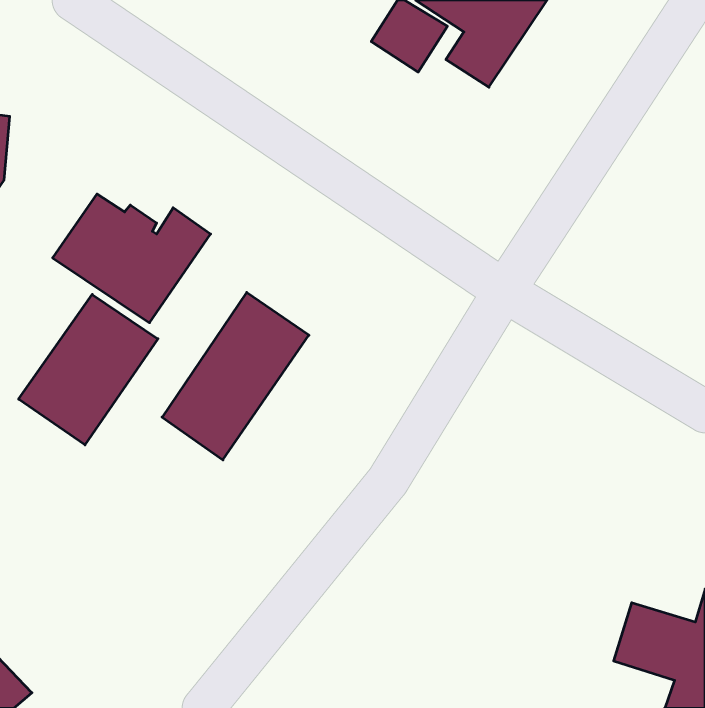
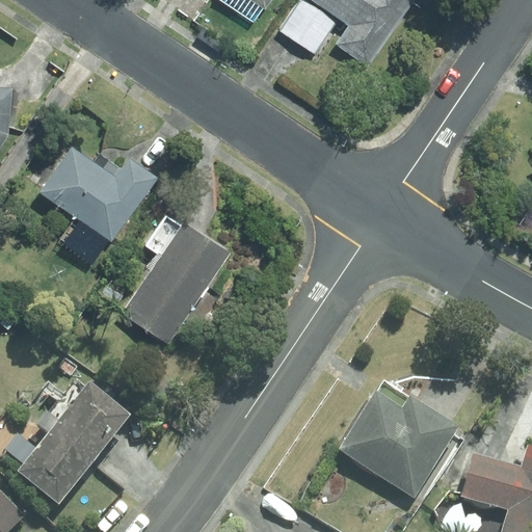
building: [19,294,158,445] -> none
building: none -> [339,379,459,495]
building: none -> [17,387,131,510]

